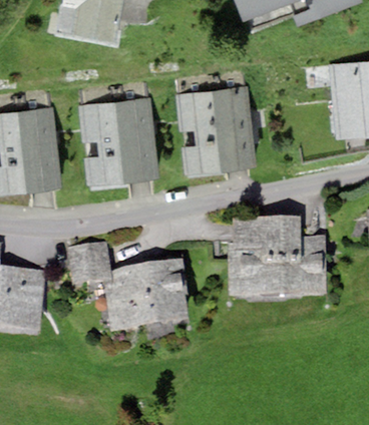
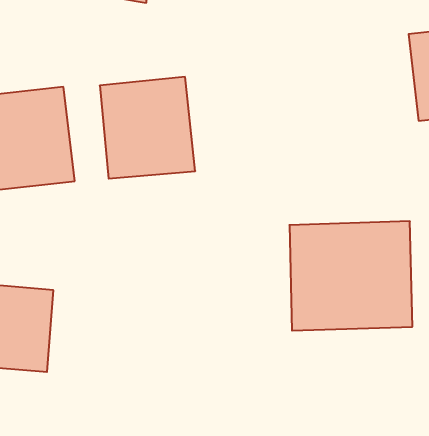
building: [175,86,254,168] -> none
building: [66,243,193,334] -> none

